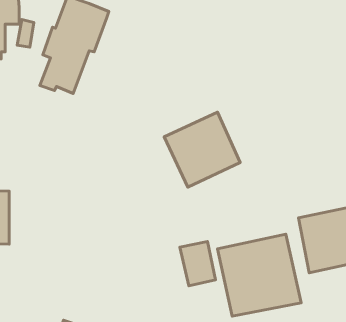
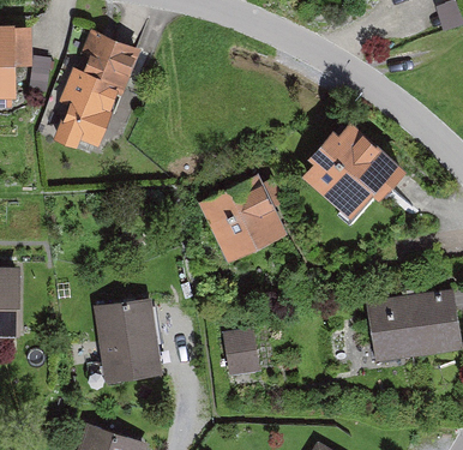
building: none -> [300,118,401,215]
building: none -> [97,298,167,388]
building: [217,234,301,316] -> none

